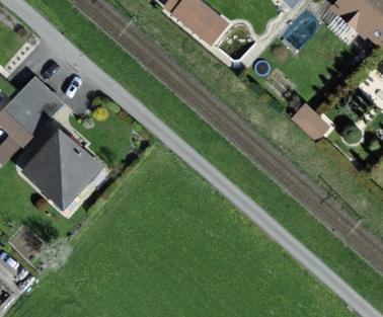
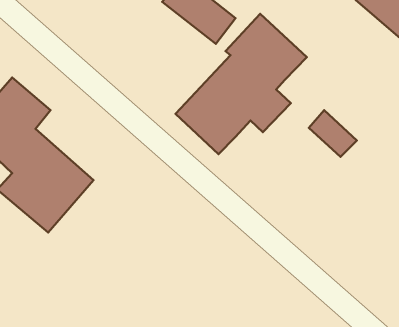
building: none -> [176,14,307,154]

